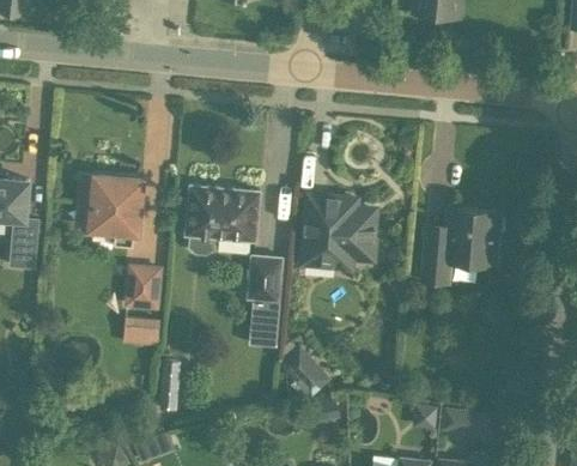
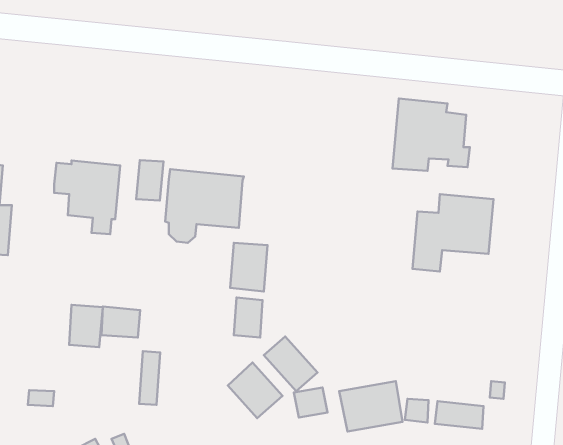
building: none -> [136,160,163,201]
building: [304,196,378,266] -> [392,98,470,171]
building: [128,268,160,309] -> [69,305,103,347]
building: none -> [228,362,282,418]
building: none -> [339,381,403,431]

